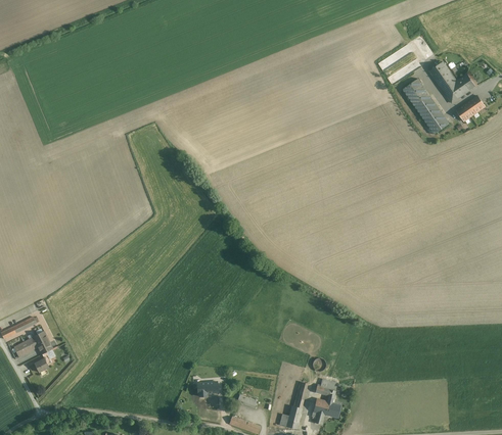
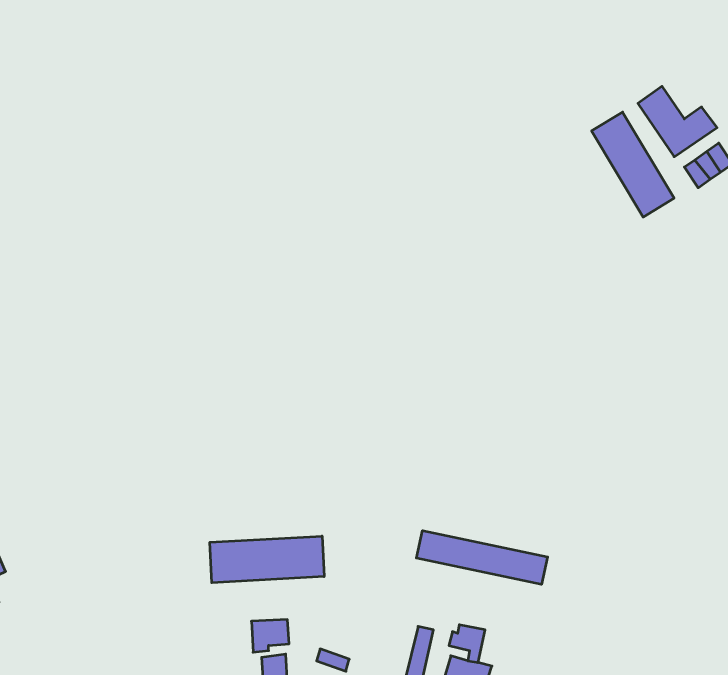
building: none -> [416,531,548,584]
building: none -> [210,536,324,583]

